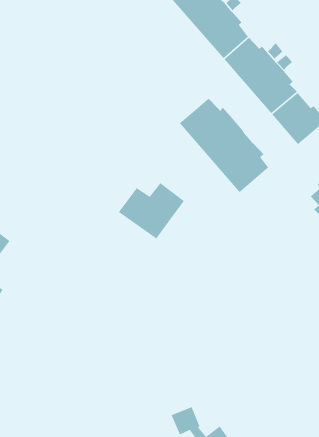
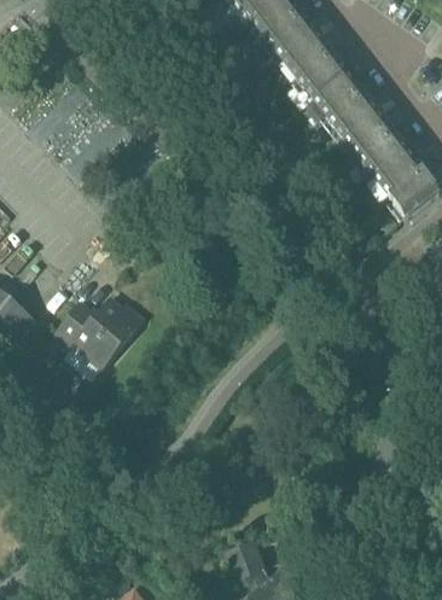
building: [179,98,269,193] -> none
building: [118,182,185,240] -> [54,298,140,371]

